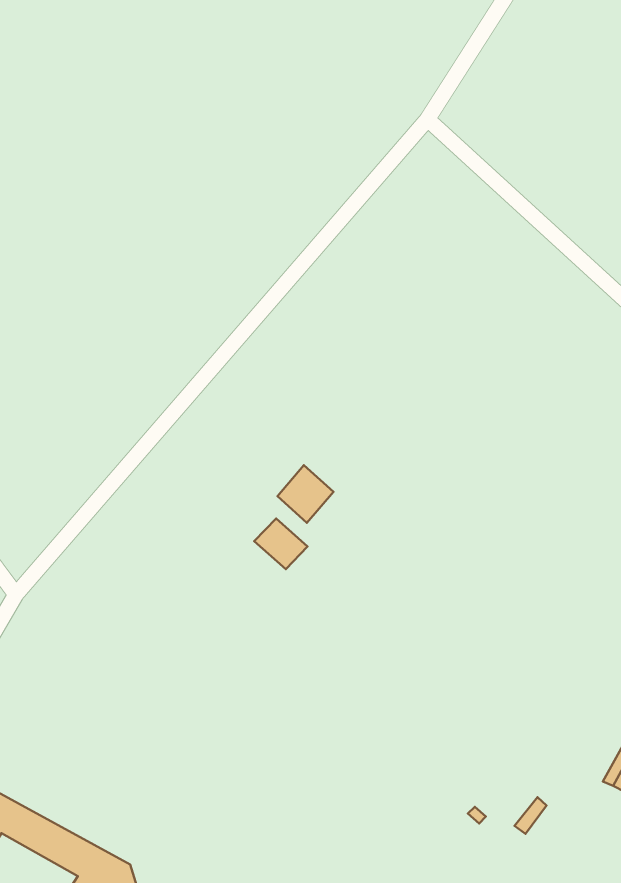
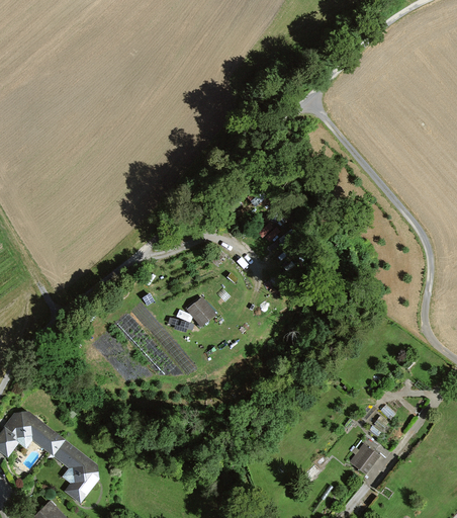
building: [277,465,334,523] -> none

